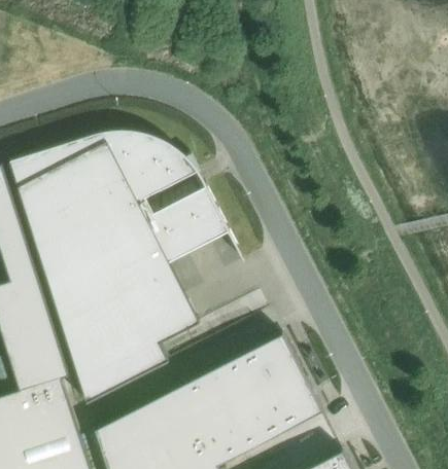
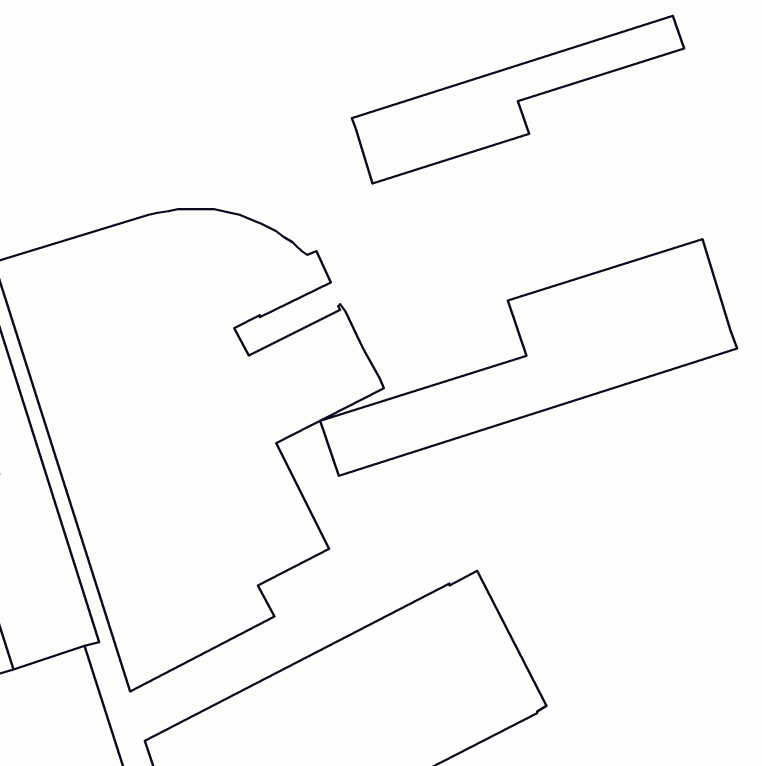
building: none -> [352,16,684,183]
building: none -> [320,239,737,476]

